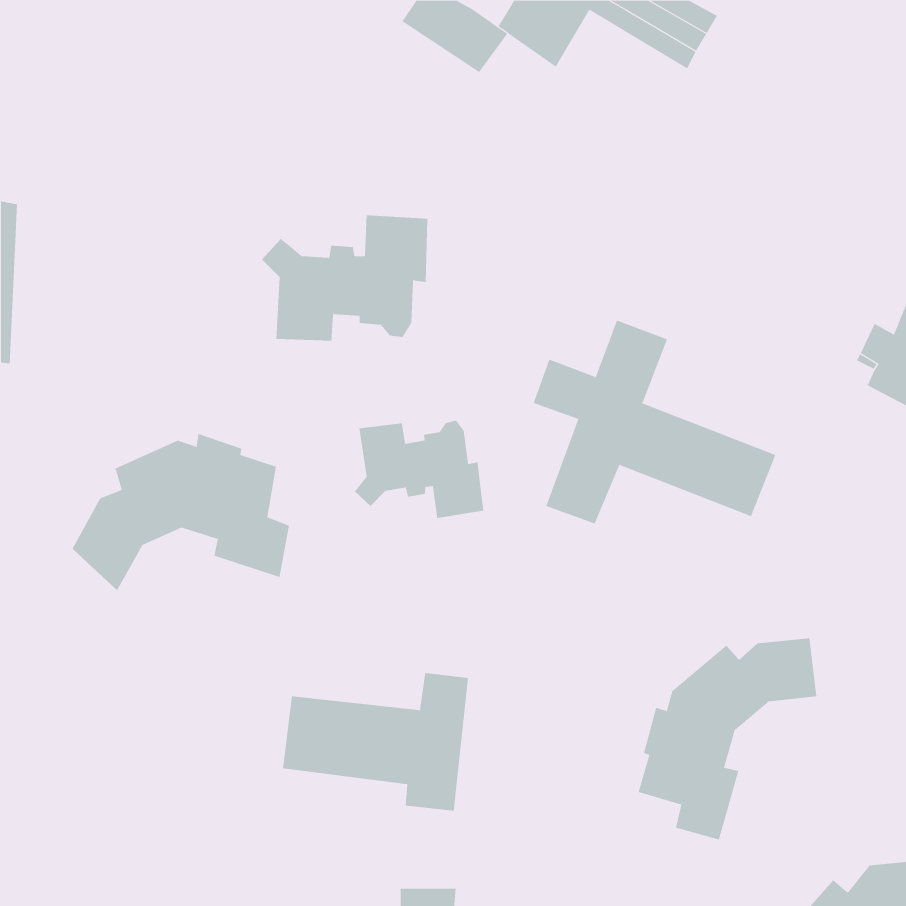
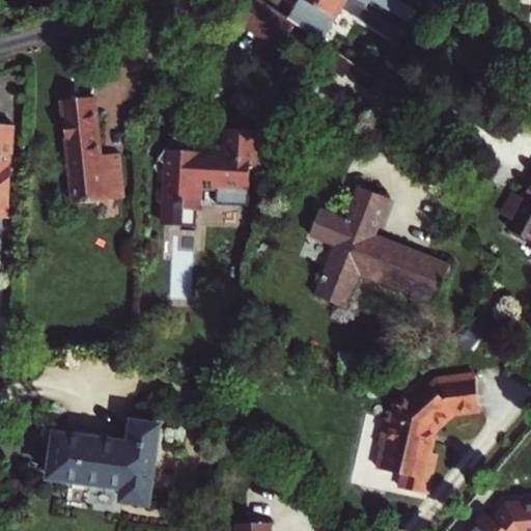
building: none -> [61,97,119,201]
building: [354,420,484,519] -> none
building: [72,433,289,591] -> none
building: [282,673,469,811] -> [51,422,160,503]

